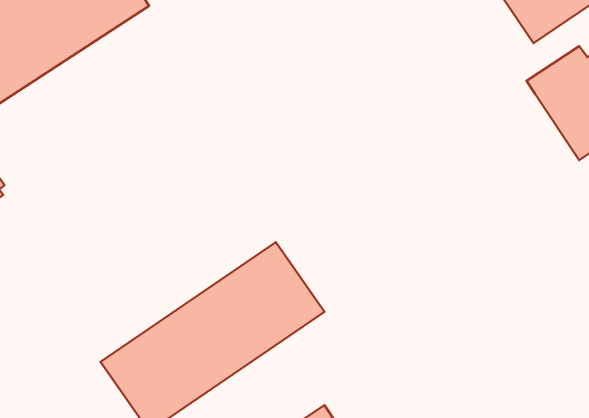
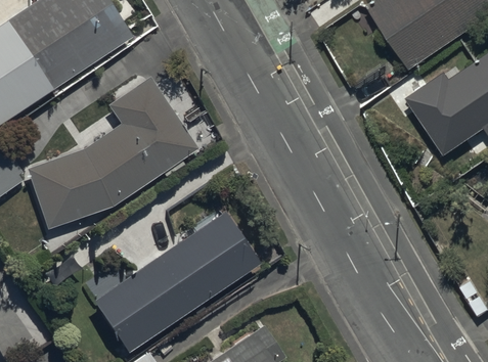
building: none -> [31,78,195,231]

